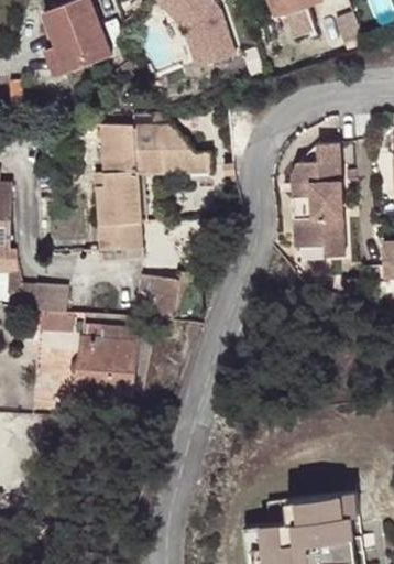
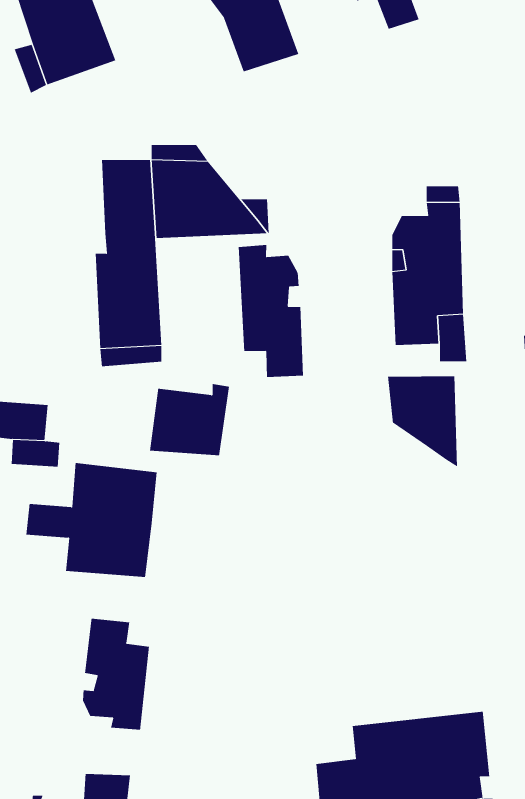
building: none -> [238,244,303,378]
building: none -> [387,375,457,467]
building: none -> [82,618,150,730]

